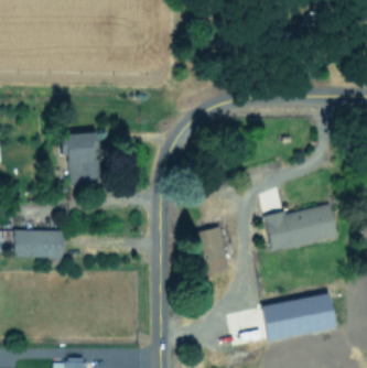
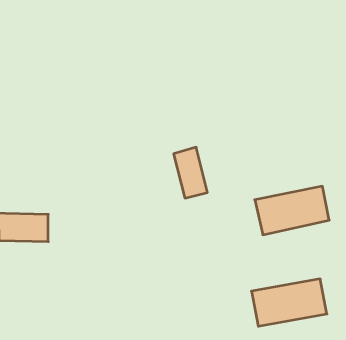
building: [60,133,102,186] -> none
building: [197,226,230,275] -> [174,147,207,198]

